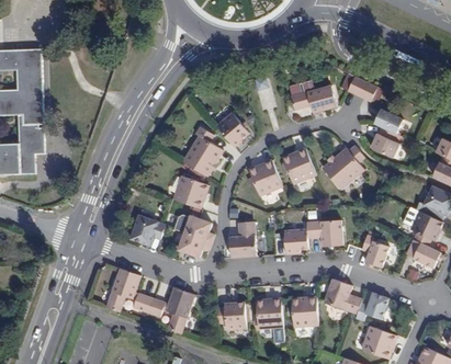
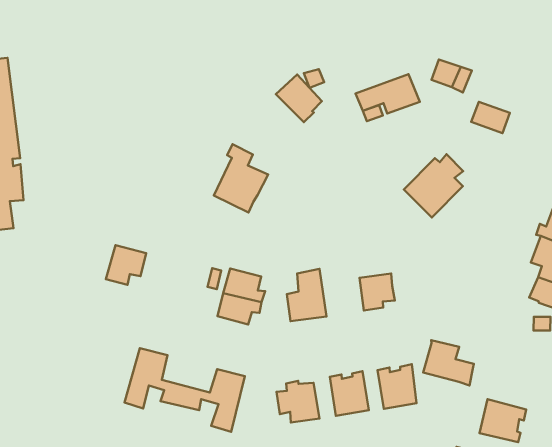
building: [214,111,247,146] -> [276,74,322,122]
building: [370,126,399,158] -> none
building: [281,147,315,183] -> none
building: [248,159,282,195] -> none
building: [172,175,208,208] -> none
building: [134,216,165,246] -> [106,245,146,285]
building: [305,218,342,246] -> none
building: [361,235,388,268] -> none
building: [354,293,387,320] -> none

